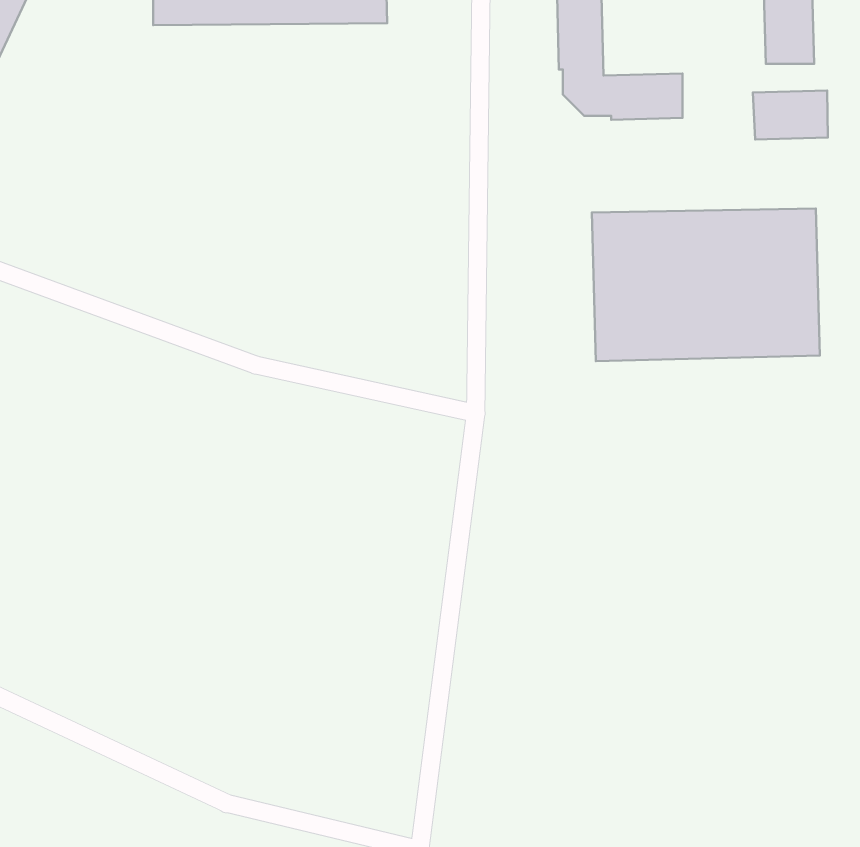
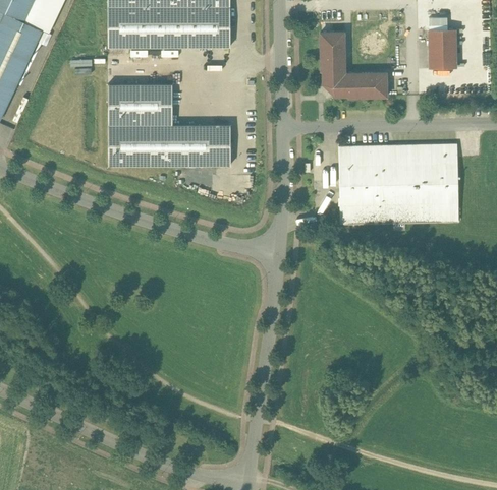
building: [753,90,828,139] -> none
building: none -> [108,84,230,166]

